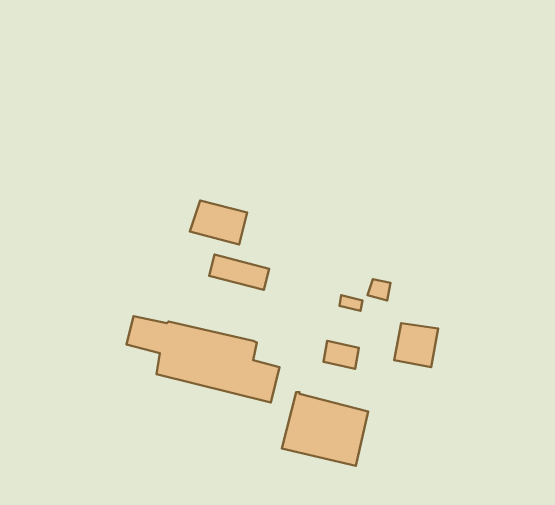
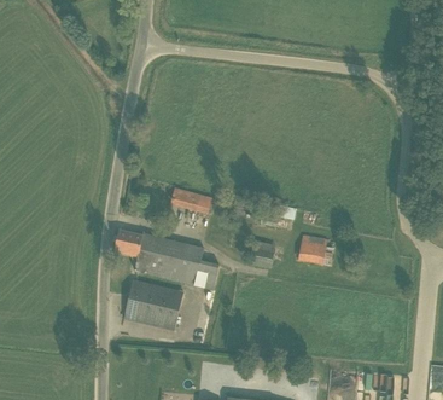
building: [190,200,247,245] -> none
building: [282,392,368,466] -> [123,278,182,329]

